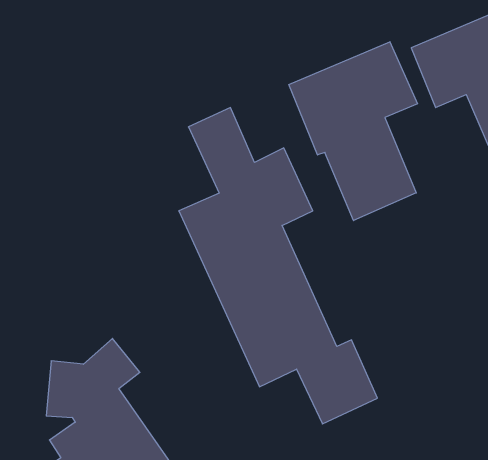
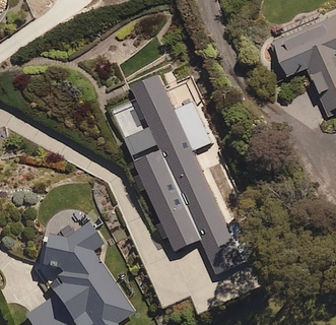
building: [289,42,417,221] -> none

